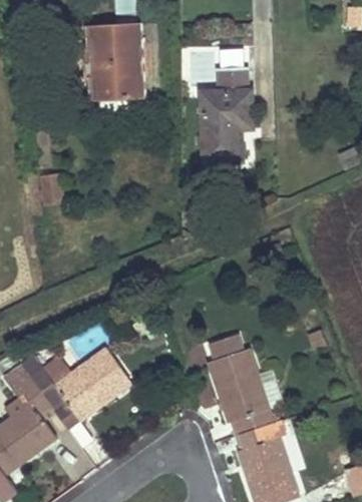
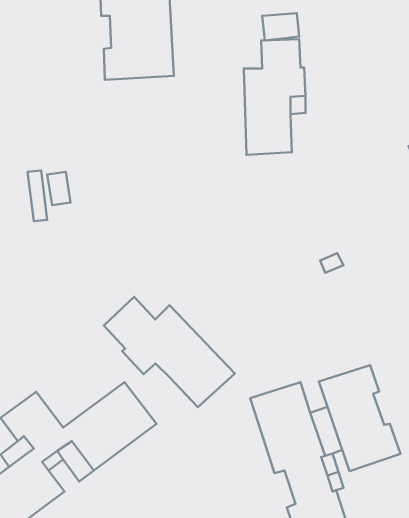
building: none -> [104,297,235,407]
building: none -> [319,365,400,471]

